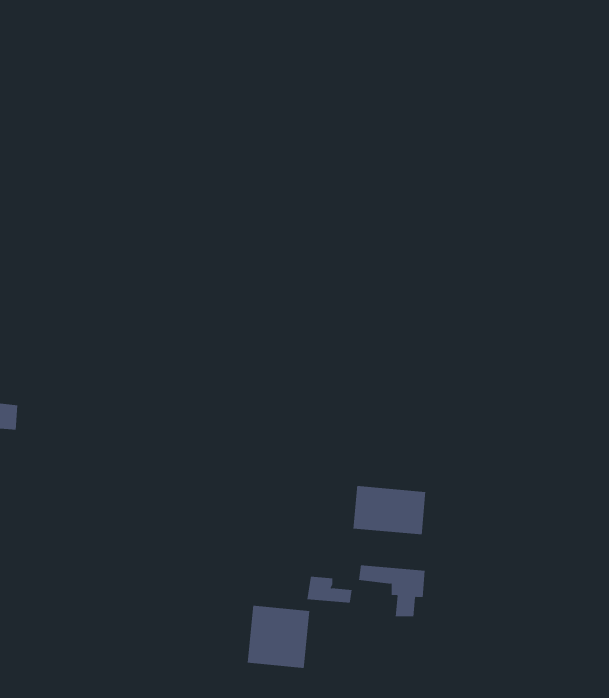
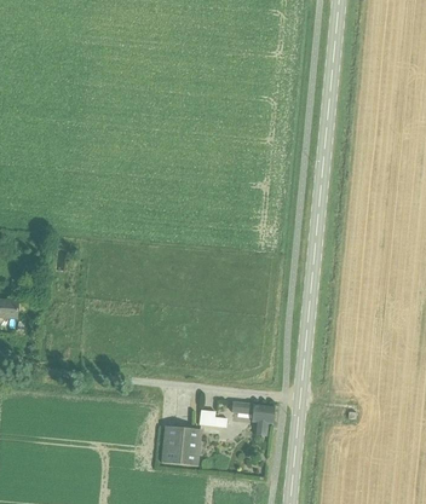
building: [353,485,426,535] -> none

